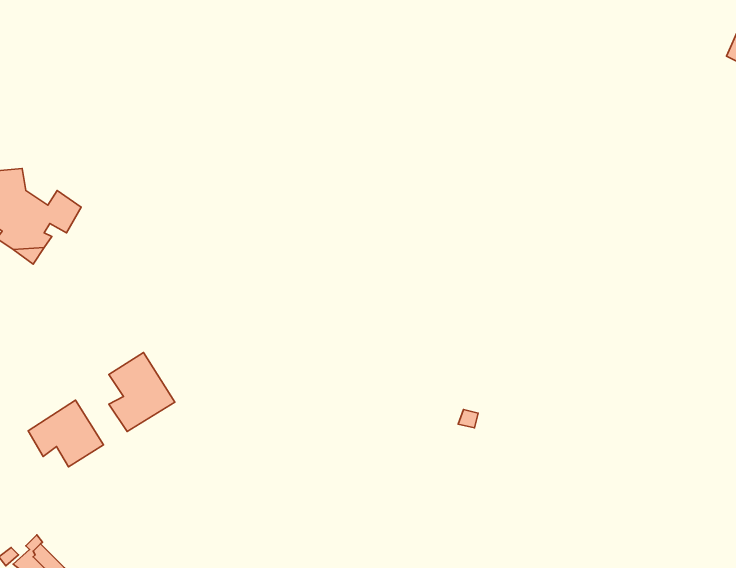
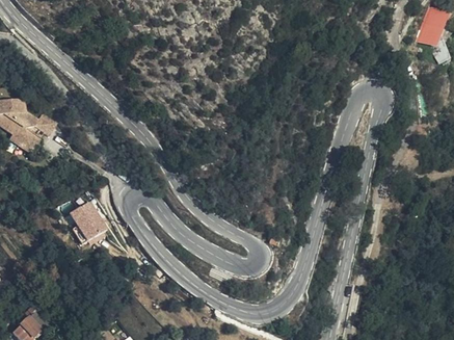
building: [28,400,104,467] -> none

